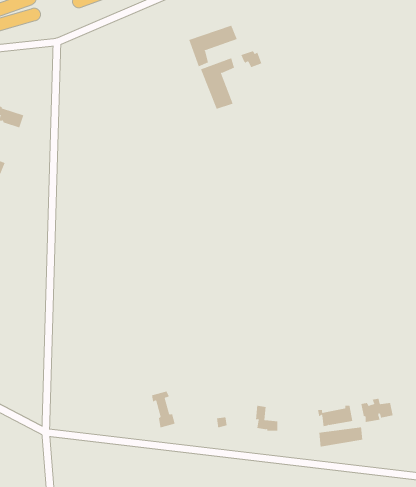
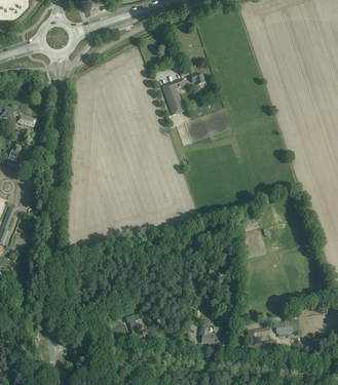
building: [188,25,238,67] -> none

